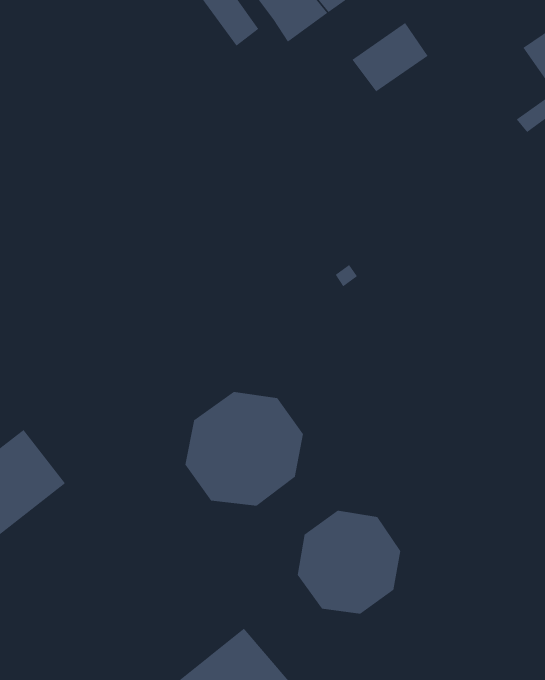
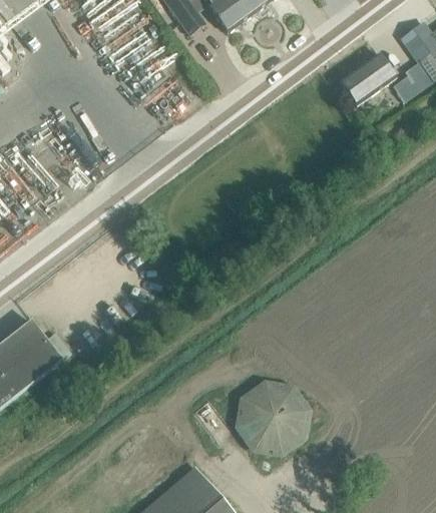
building: [351,22,428,92] -> [339,53,396,105]
building: [185,391,304,507] -> none

